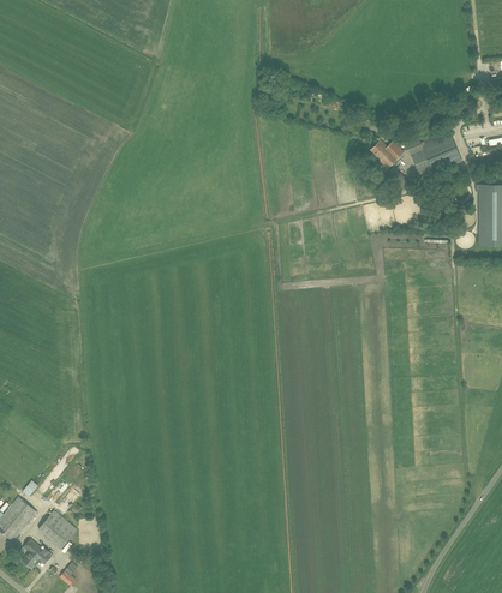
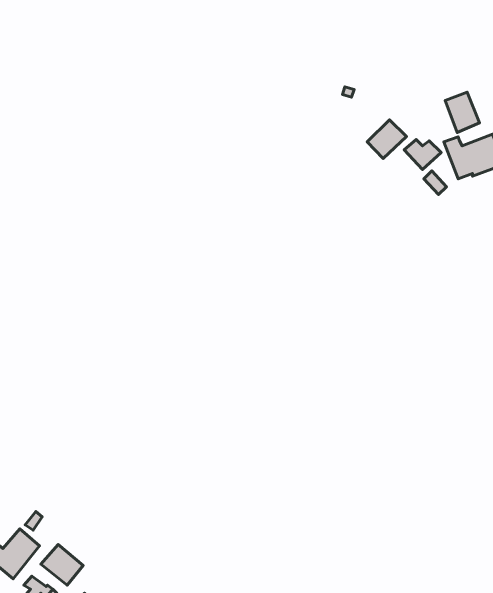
building: none -> [445,92,480,132]
building: none -> [367,120,407,159]

